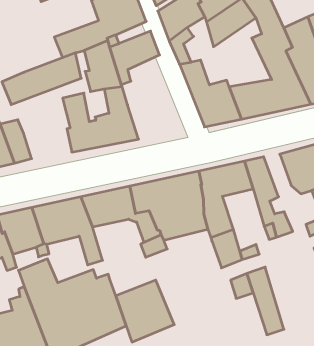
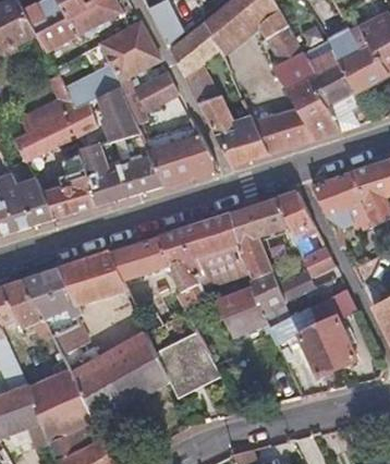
building: none -> [28,76,75,127]
building: none -> [148,135,216,185]
building: none -> [42,150,95,217]
building: none -> [217,284,268,337]
building: none -> [309,289,356,369]

